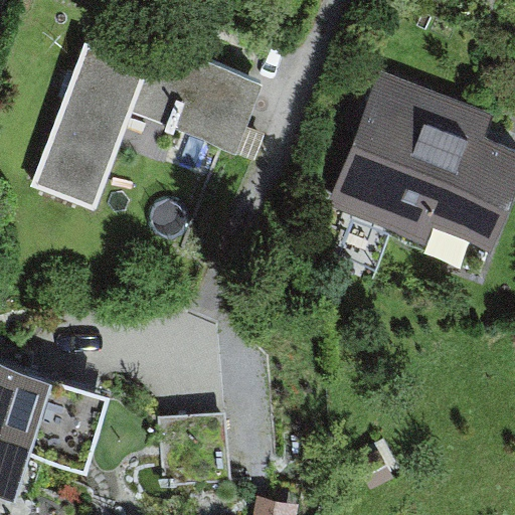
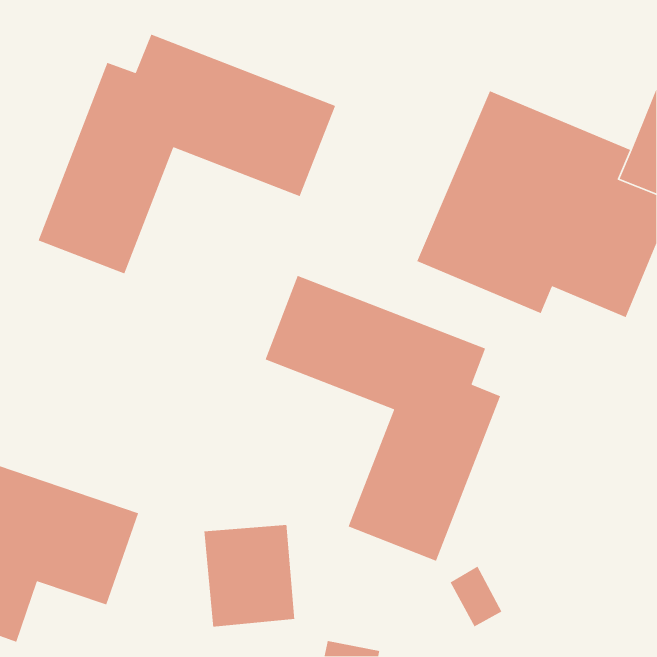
building: none -> [265,275,501,562]

